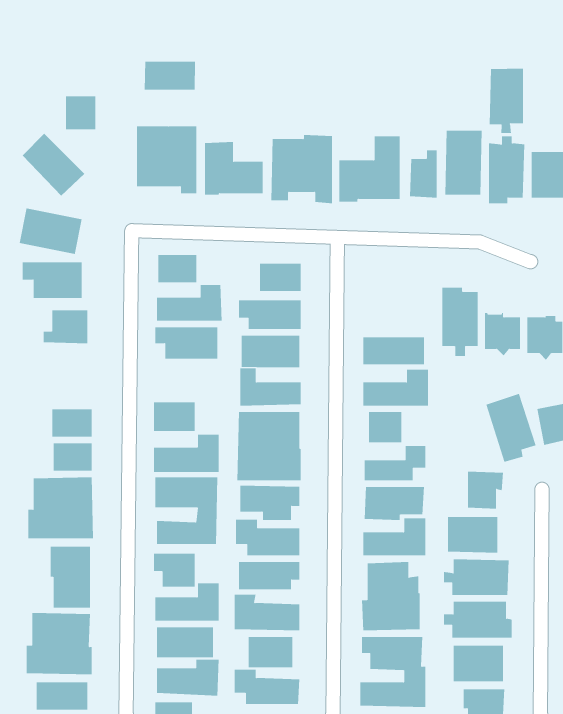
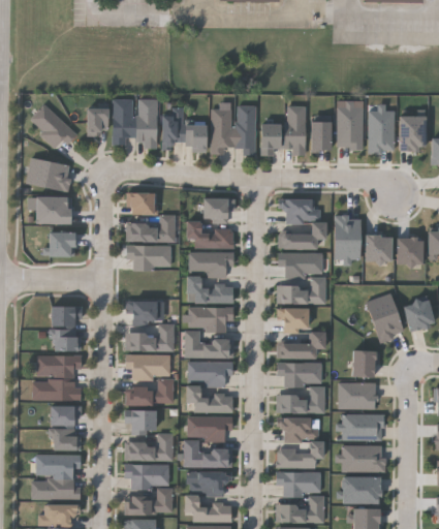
building: [144,61,196,91] -> none
building: [489,68,524,134] -> none
building: [65,96,96,130] -> [85,108,107,133]
building: none -> [278,198,324,249]

